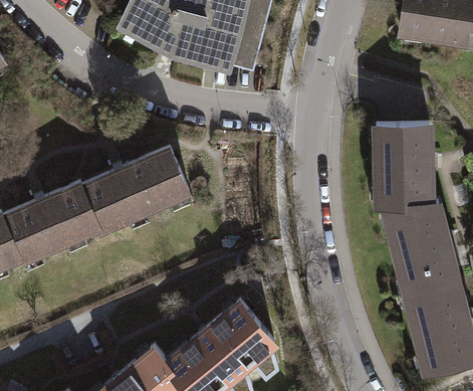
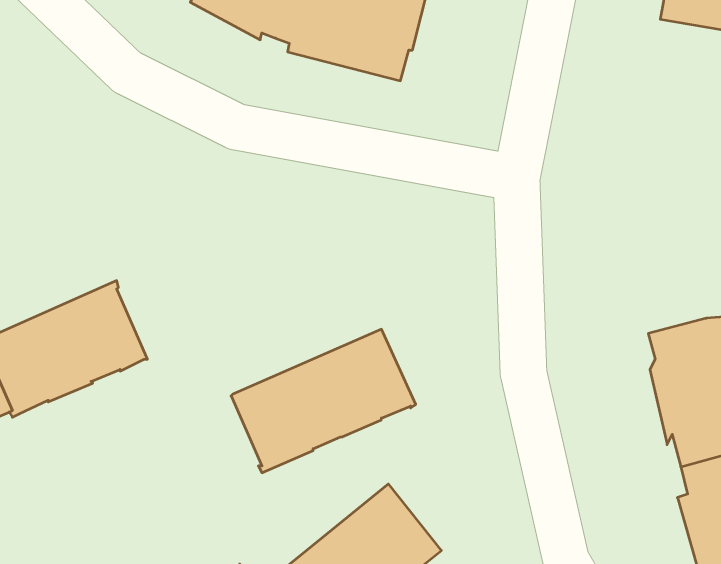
building: [377,123,429,215] -> none
building: [81,150,190,234] -> [231,329,416,473]

